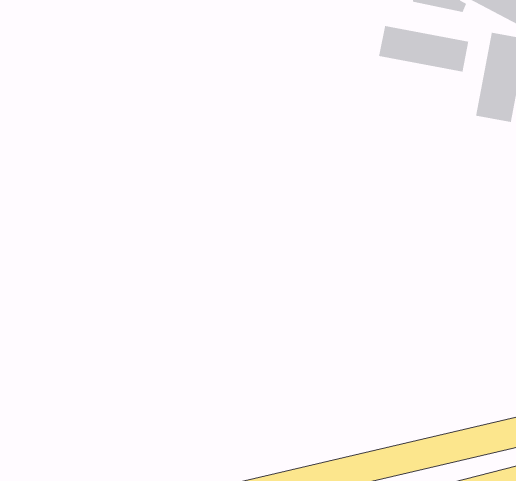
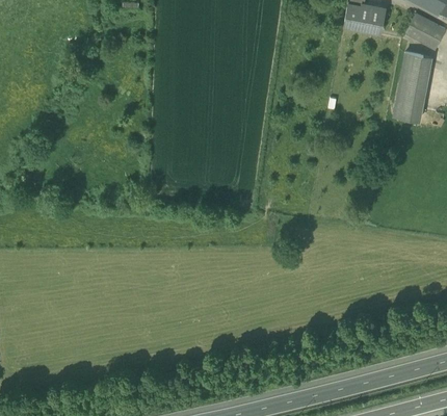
building: [378,25,469,73] -> none

